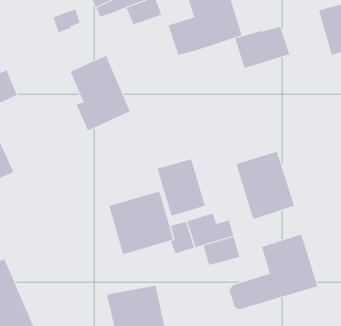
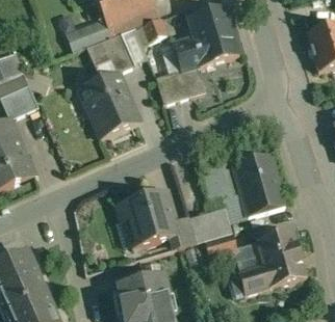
building: none -> [92,32,134,77]
building: [234,27,290,69] -> [155,65,205,103]
building: [157,159,205,217] -> none

